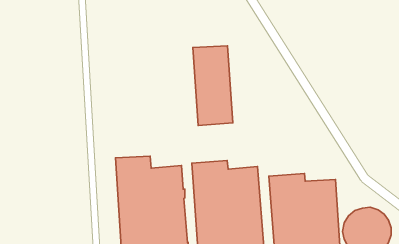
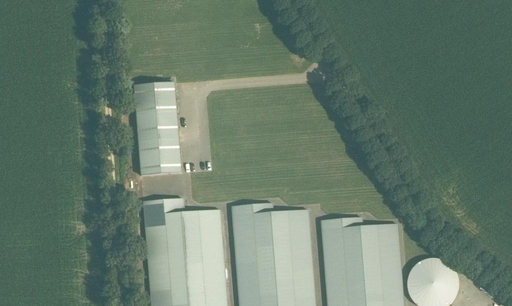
building: [193,46,233,125] -> [135,85,181,177]

